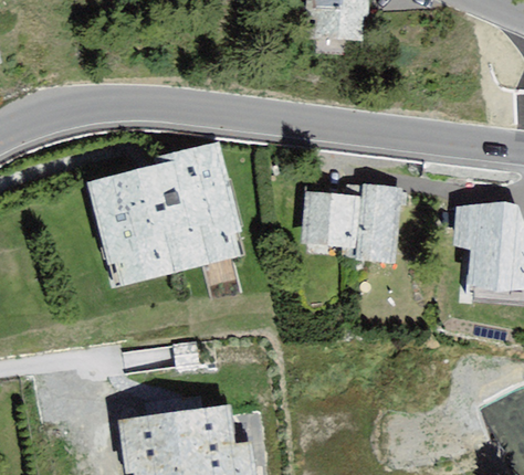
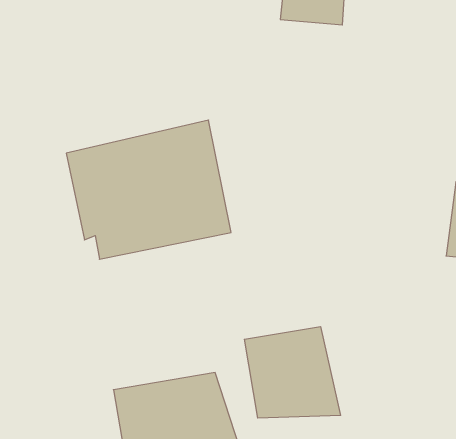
building: [296,187,417,267] -> none
building: none -> [244,327,341,418]

